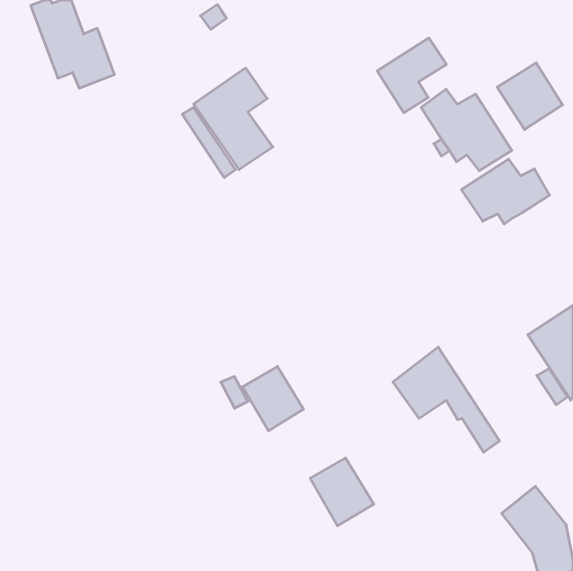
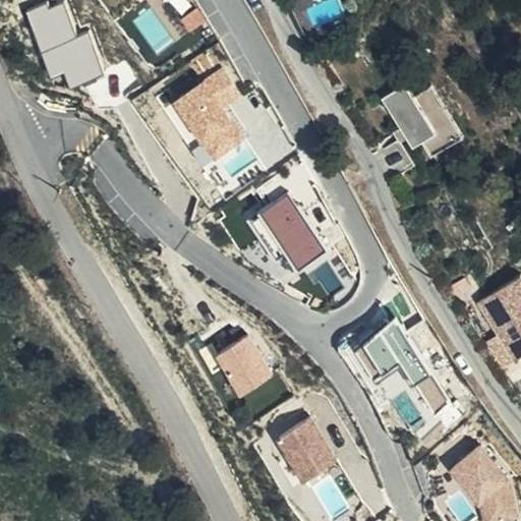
building: [377,38,446,113] -> none
building: [497,63,563,130] -> none
building: [462,159,550,224] -> none
building: none -> [248,193,326,269]

